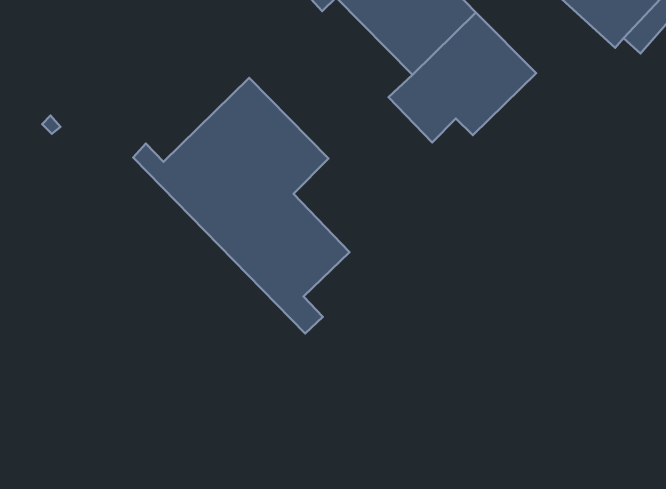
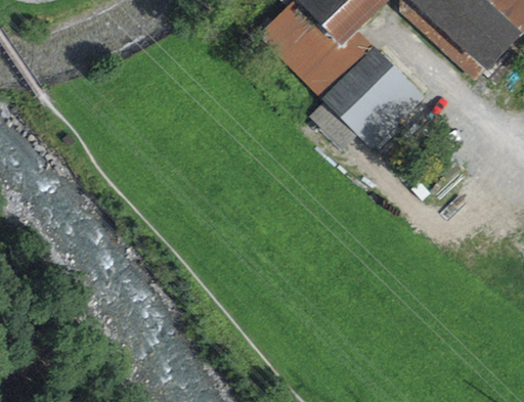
building: [133,78,350,334] -> none

